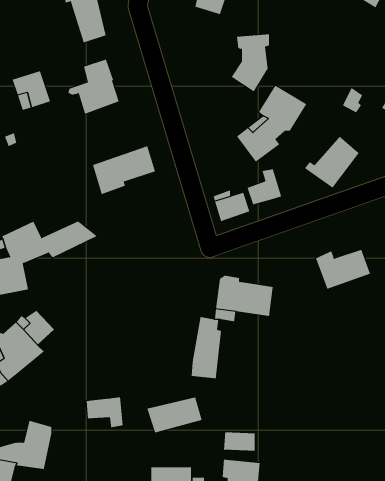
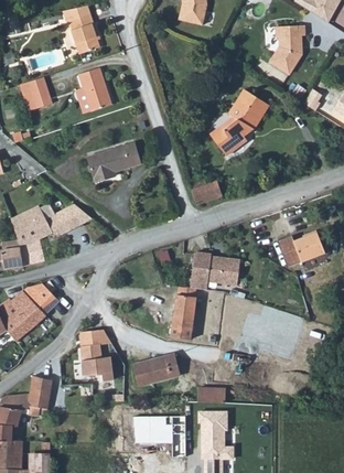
building: [231,34,270,92] -> [272,25,305,75]
building: [304,136,359,189] -> none
building: [247,169,282,205] -> none
building: none -> [79,329,111,358]

